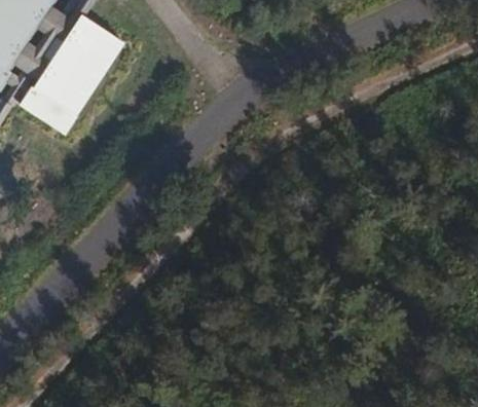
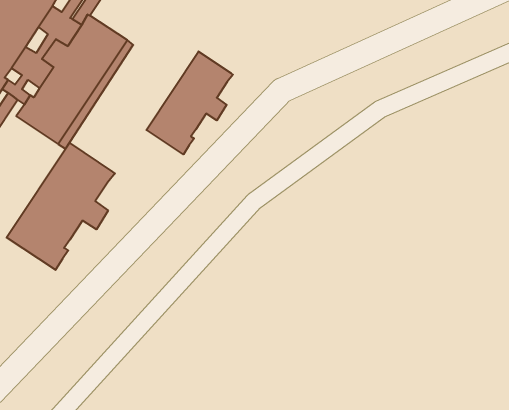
building: none -> [146,51,233,154]
building: none -> [7,143,115,270]

